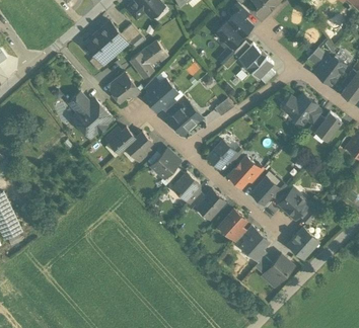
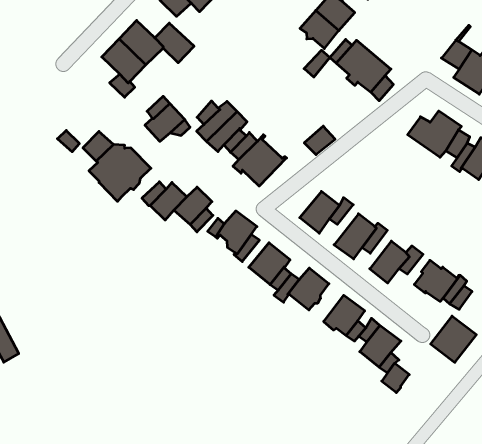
building: [129,42,164,78] -> none
building: [266,255,292,282] -> none

